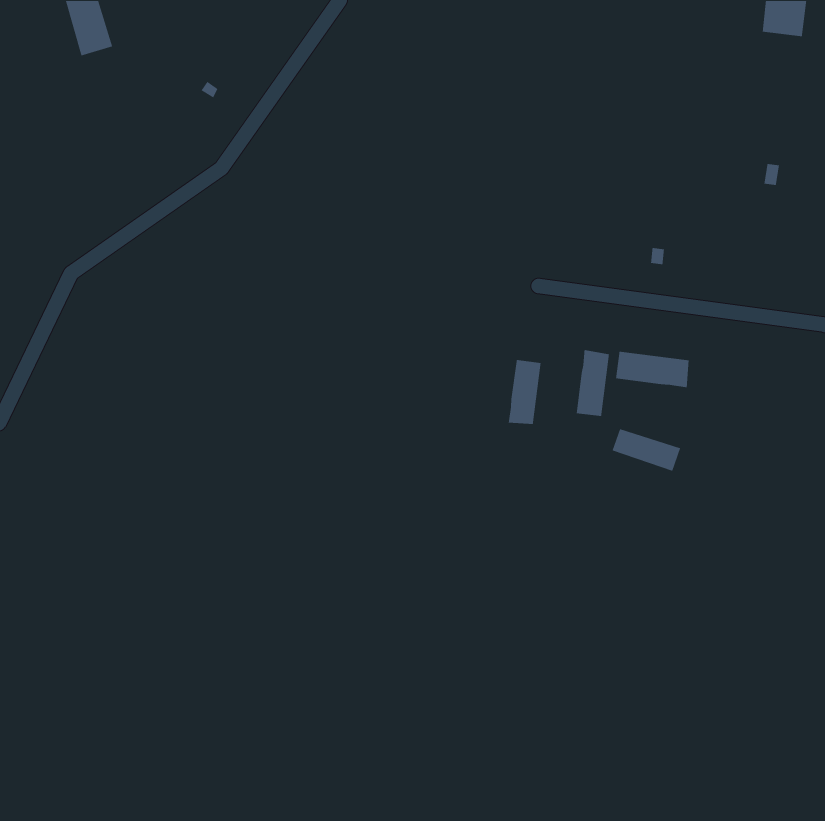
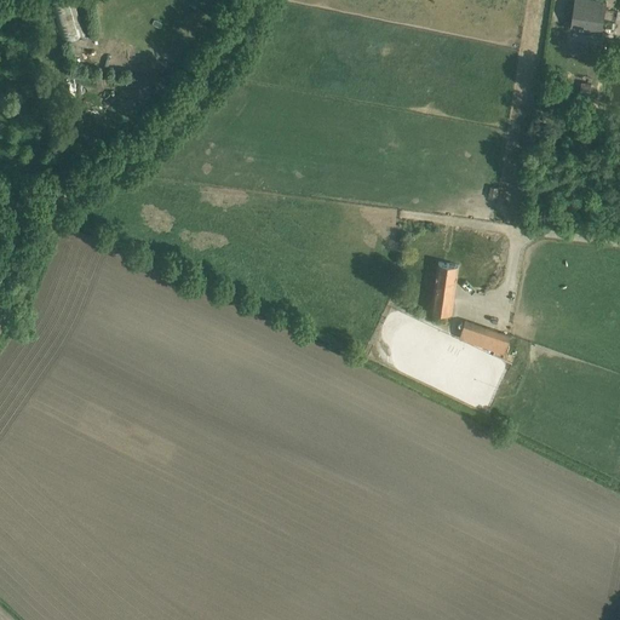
building: [615,351,690,388] -> none
building: [508,359,541,425] -> none

